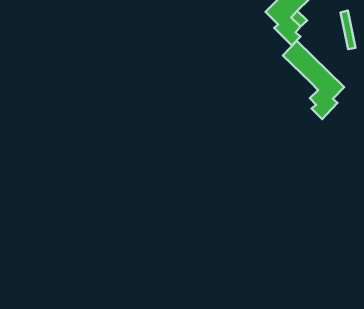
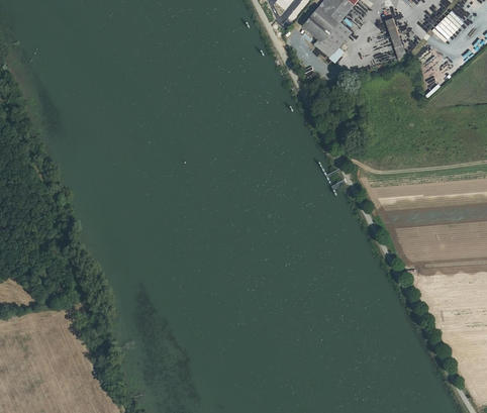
building: [283,41,344,119] -> none

